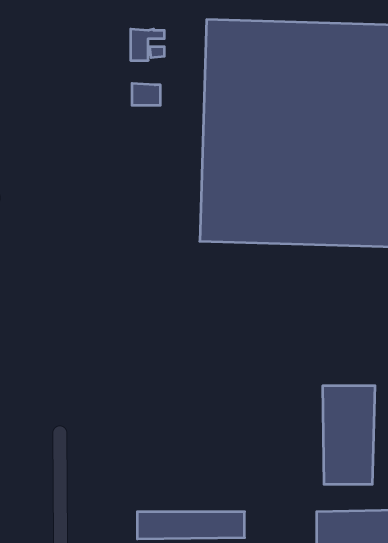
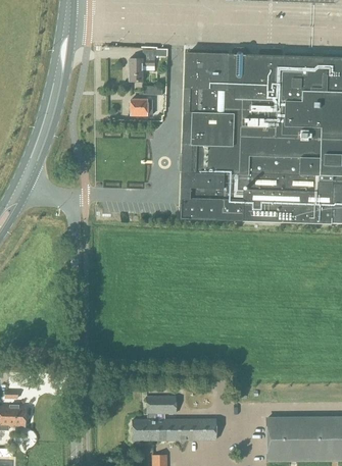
building: [323,386,375,484] -> none
building: none -> [147,397,177,420]

